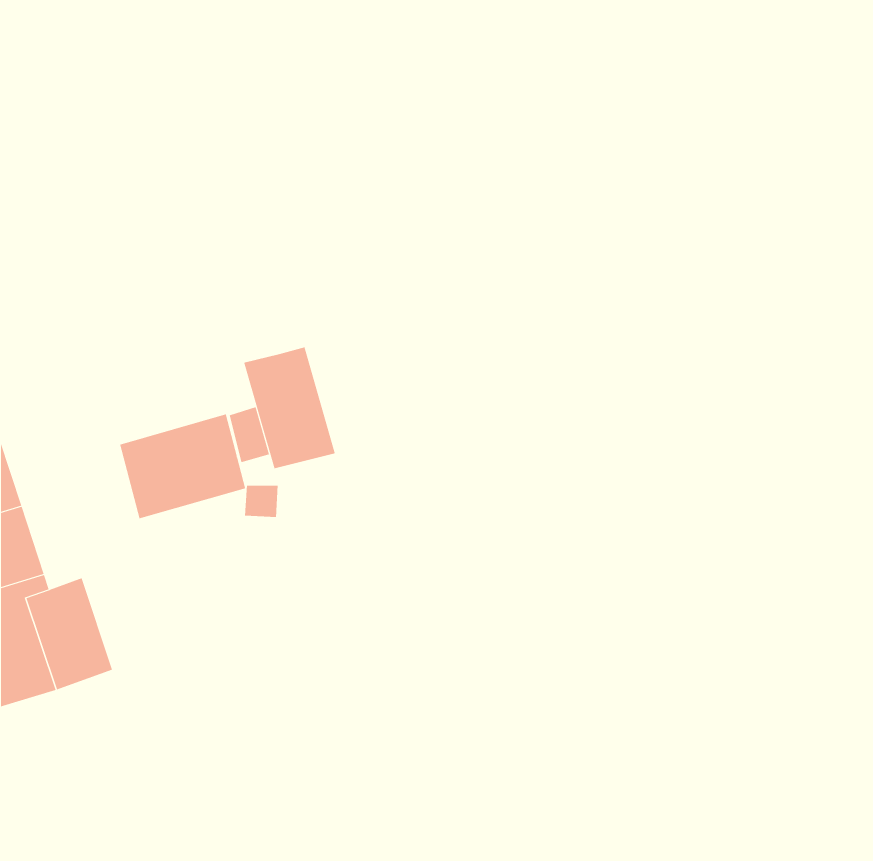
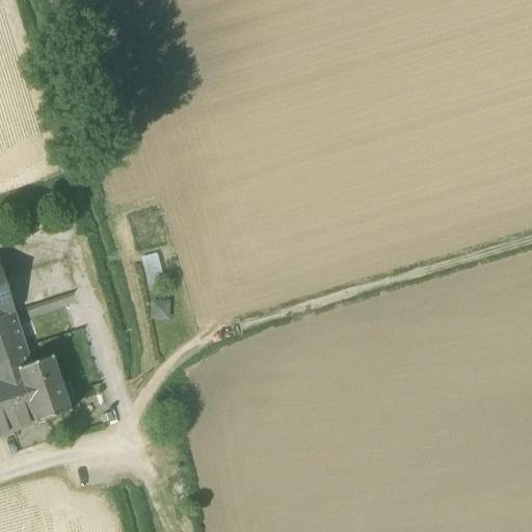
building: [244,347,336,469] -> none
building: [119,414,246,519] -> none

